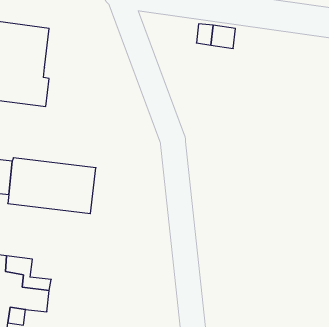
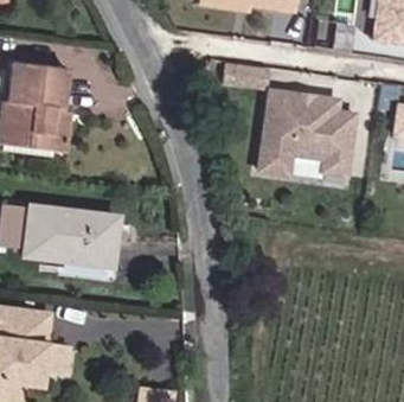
building: none -> [261,91,353,173]

